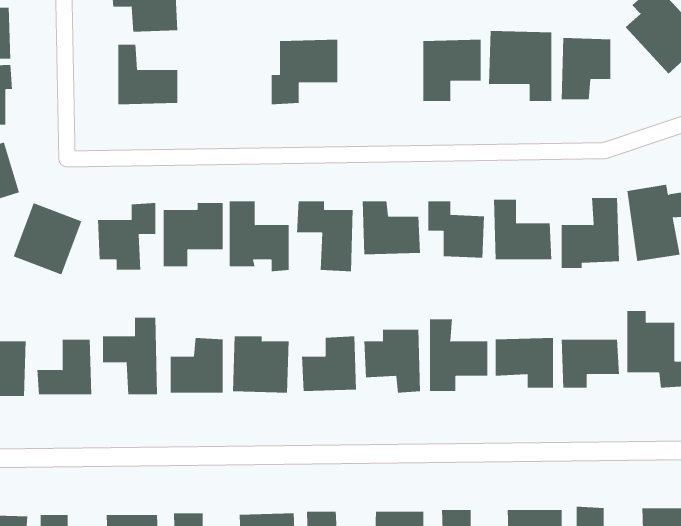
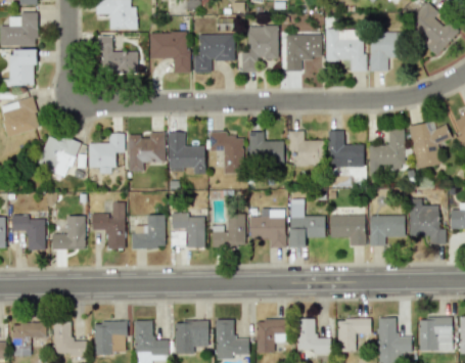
building: none -> [241,26,279,72]
building: none -> [150,33,190,74]

